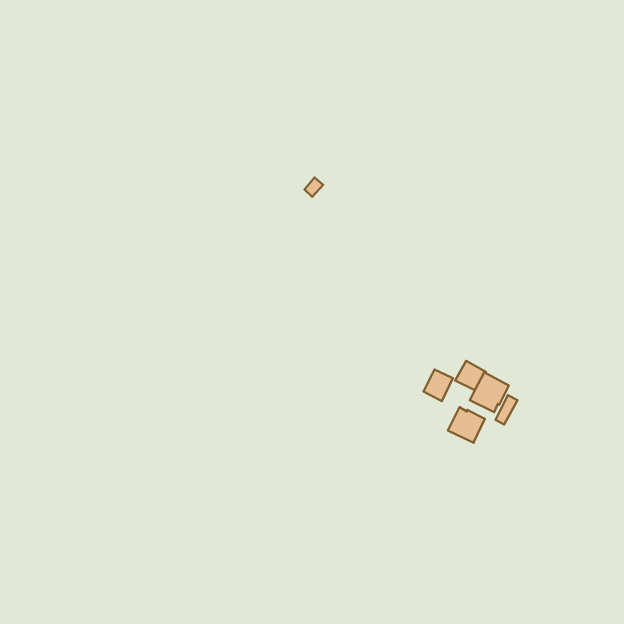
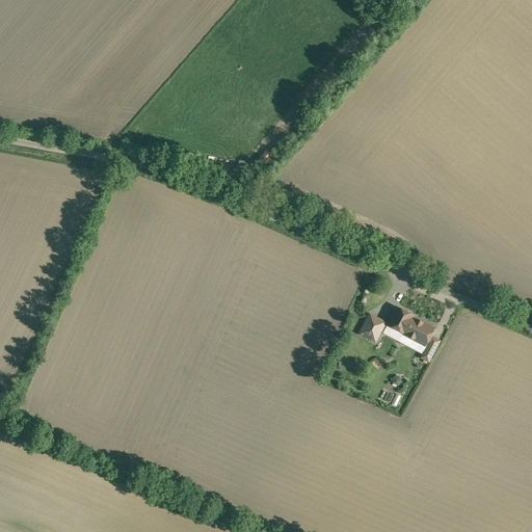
building: [448,407,485,443] -> none

